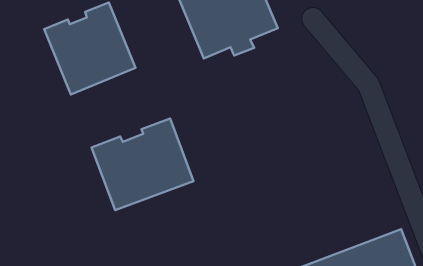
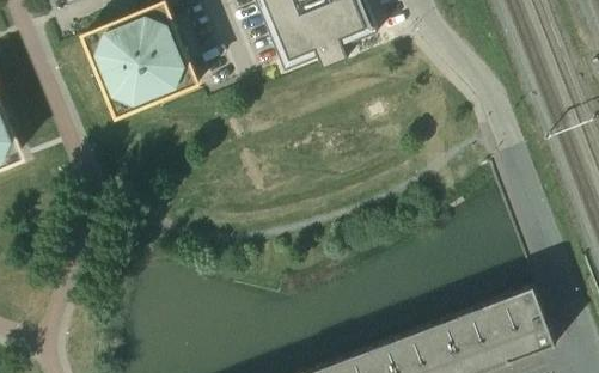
building: [92,118,194,210] -> none

